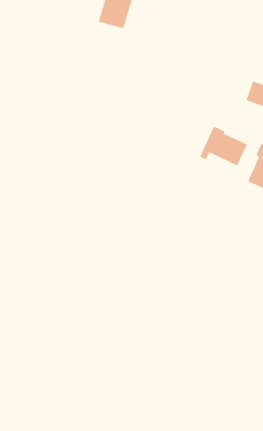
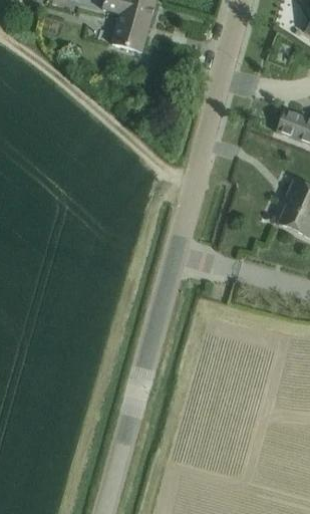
building: [199,125,248,167] -> none

